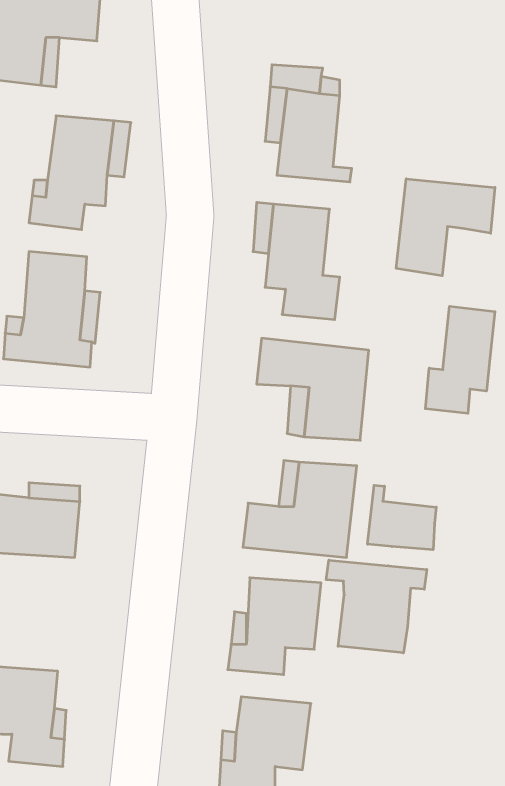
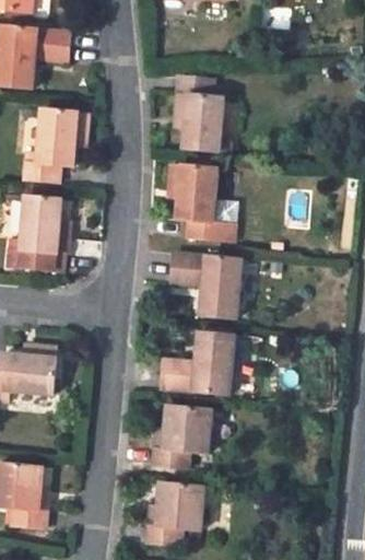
building: [396,179,495,276] -> none
building: [425,306,495,413] -> none
building: [368,485,436,550] -> none
building: [326,560,427,653] -> none

